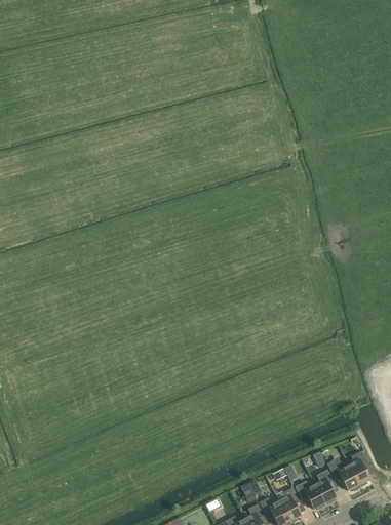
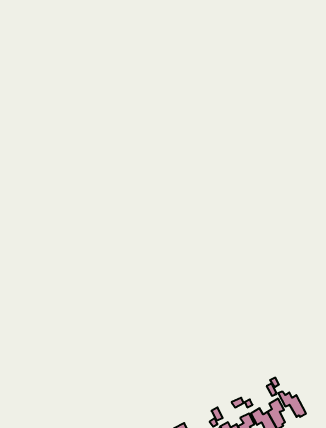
building: [349,451,370,487] -> none

